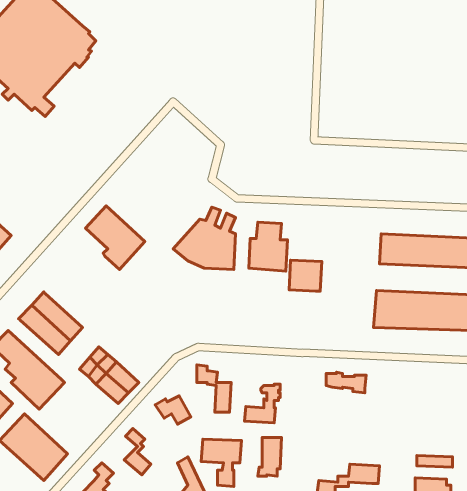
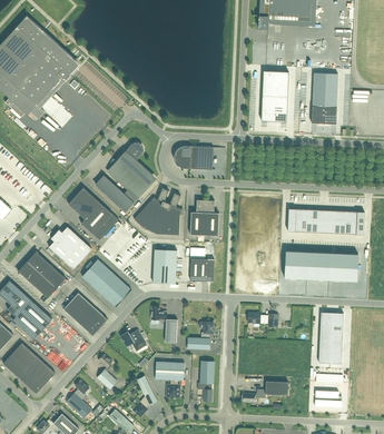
building: none -> [262,71,288,121]
building: none -> [312,73,337,125]
building: none -> [96,142,155,211]
building: none -> [174,146,214,169]
building: none -> [49,226,92,269]
building: [289,260,322,291] -> [190,258,215,282]
building: none -> [154,249,177,284]
building: none -> [82,259,131,307]
building: none -> [318,312,344,364]

